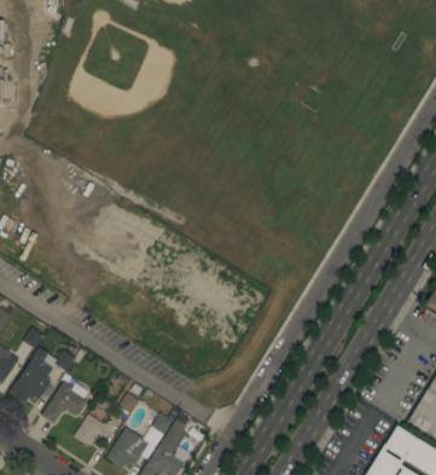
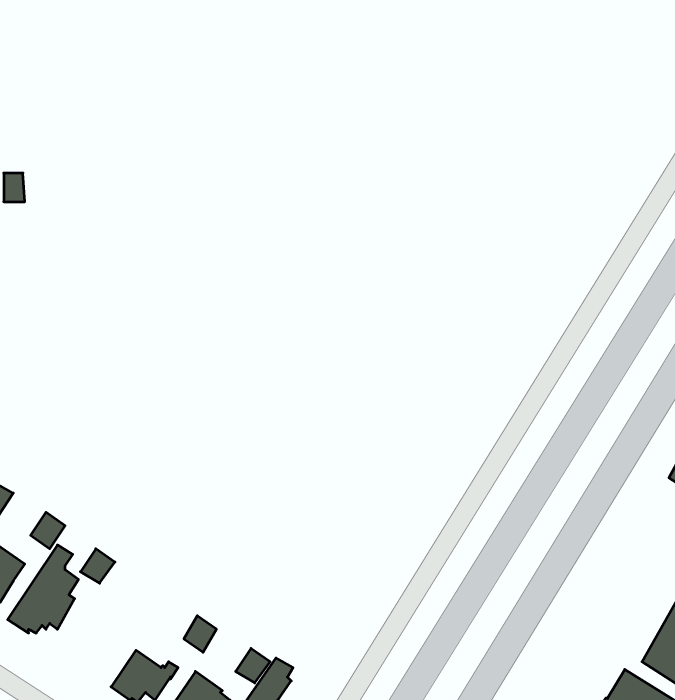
building: [41,377,88,424] -> none

